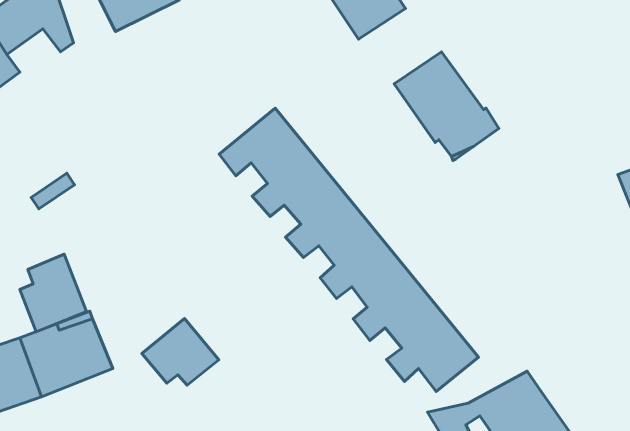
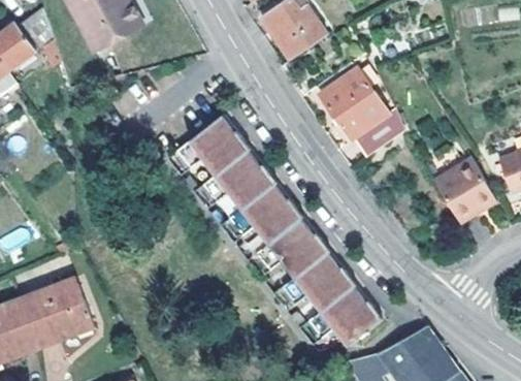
building: none -> [433,158,497,224]
building: [20,254,87,332] -> none
building: [142,318,219,385] -> none

